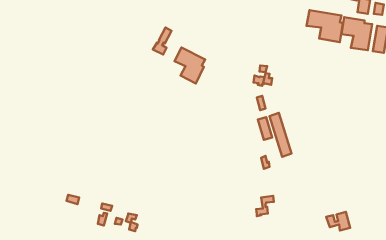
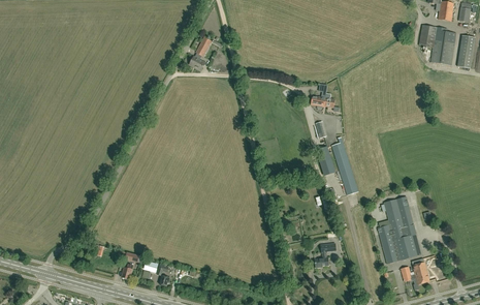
building: [307,10,343,42] -> none
building: [175,48,205,83] -> none
building: none -> [378,195,421,263]

